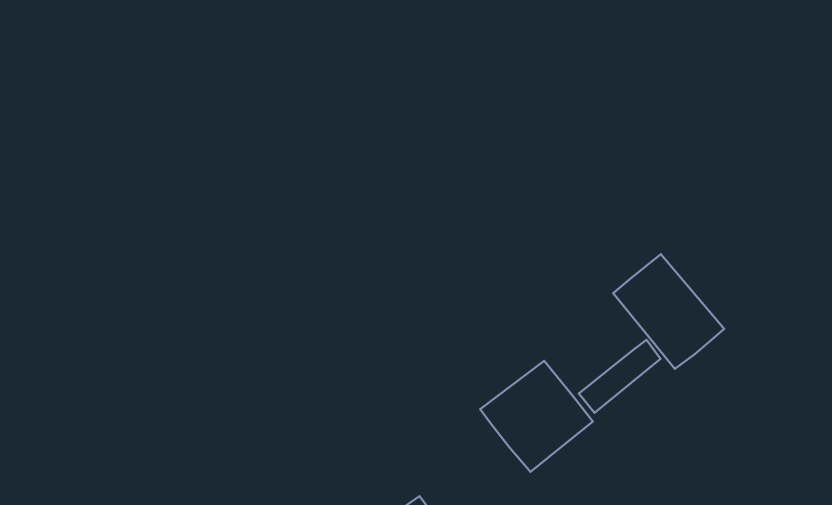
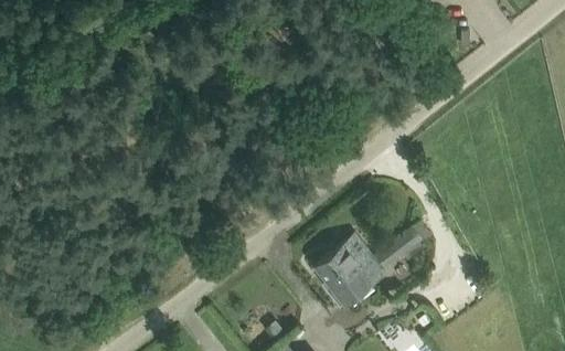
building: [613,254,724,369] -> none

